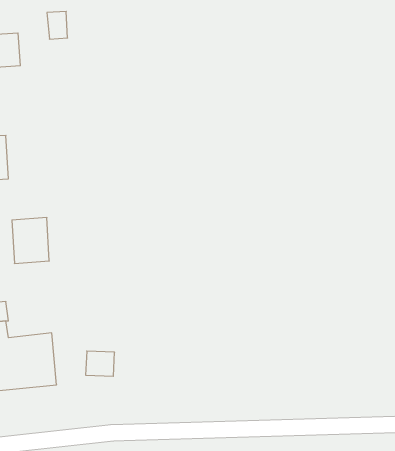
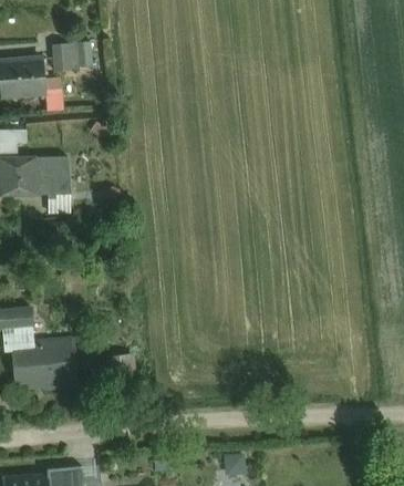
building: none -> [50,42,74,73]
building: [12,218,49,263] -> [34,153,69,195]

